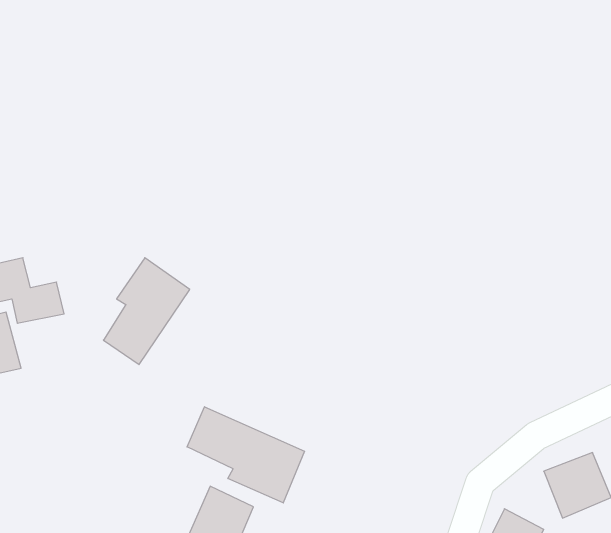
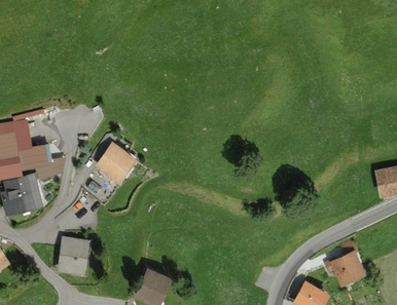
building: [187,407,305,503] -> none
building: none -> [56,236,89,273]

